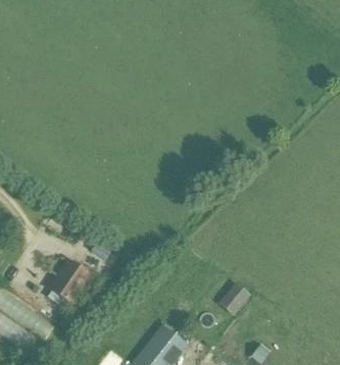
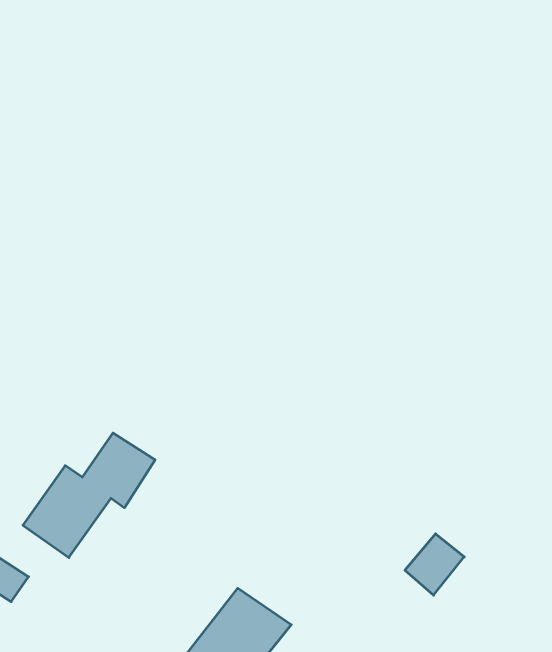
building: [220,284,251,317] -> [405,534,464,595]

